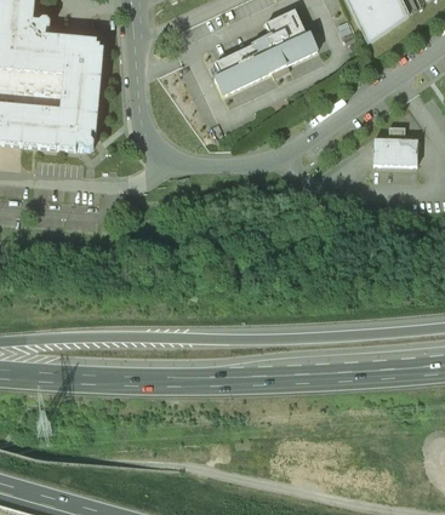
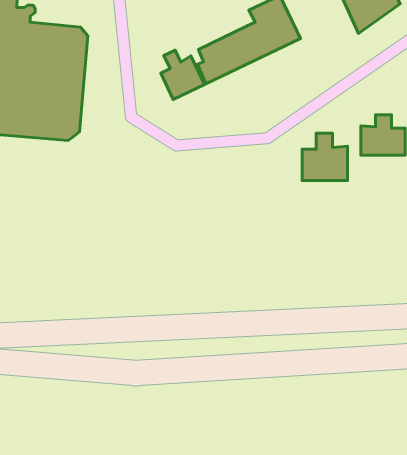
building: none -> [161,50,205,99]
building: none -> [302,133,347,180]

